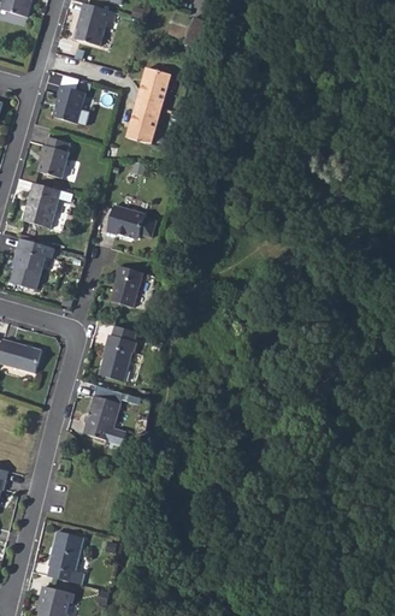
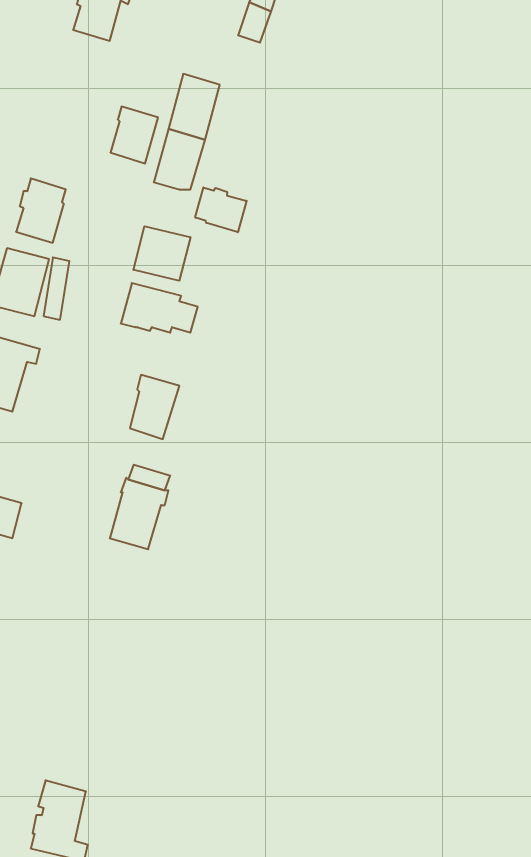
building: [53,84,84,122] -> [110,107,158,163]
building: none -> [195,187,247,232]
building: none -> [133,226,190,281]
building: [84,393,120,438] -> none

